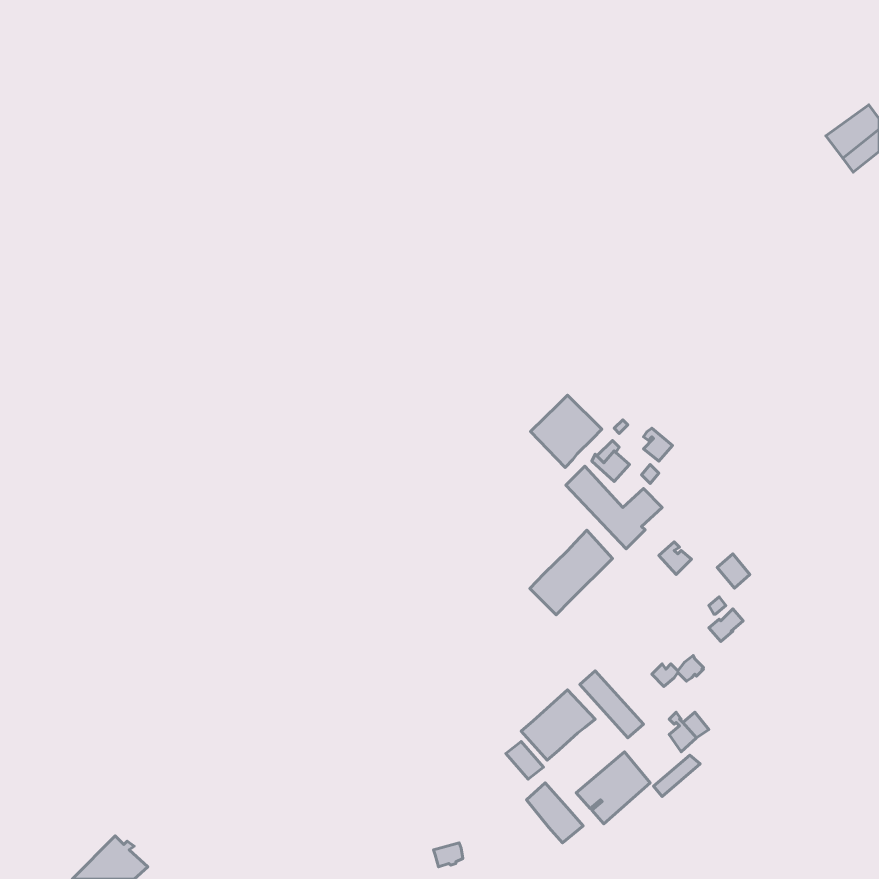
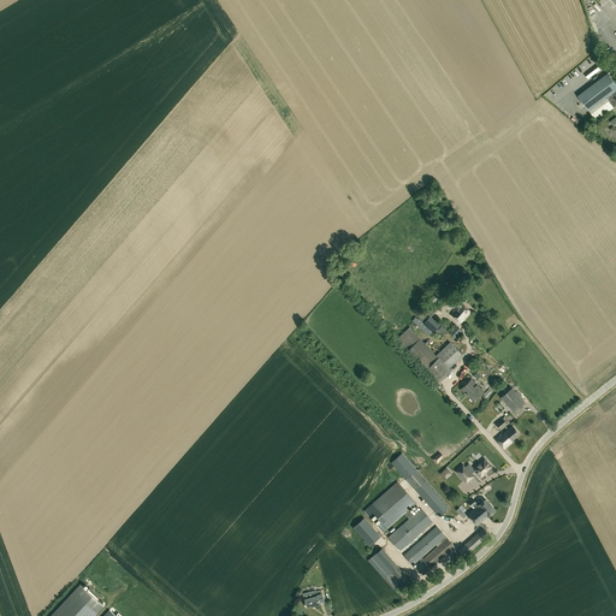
building: [531,395,602,468] -> none
building: [530,530,613,615] -> none
building: none -> [387,508,433,551]

